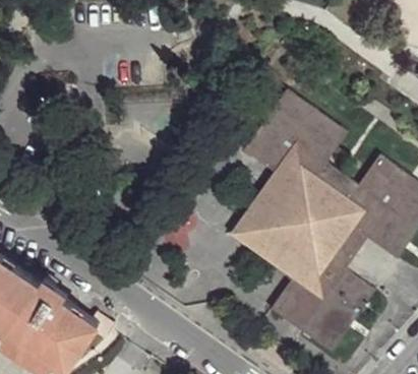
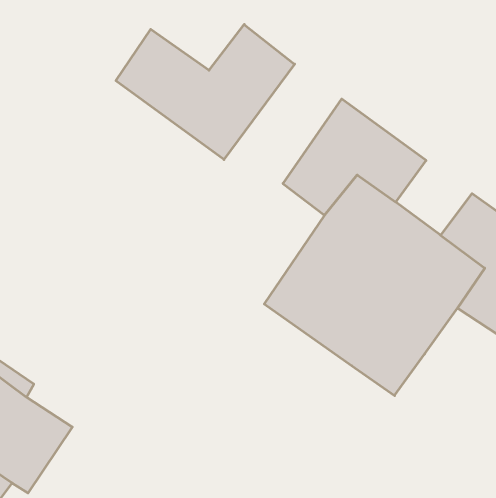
building: none -> [116,24,295,160]
building: [271,270,372,350] -> none

